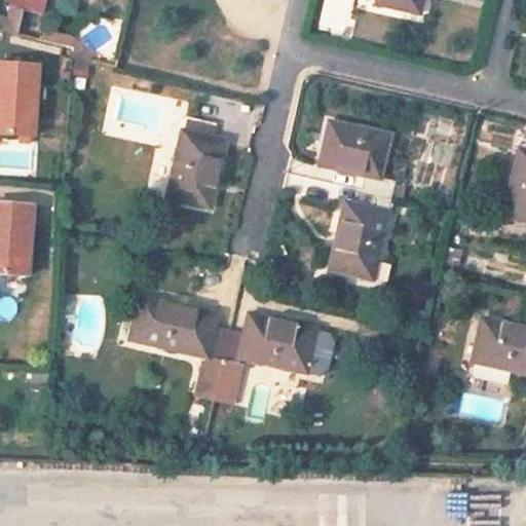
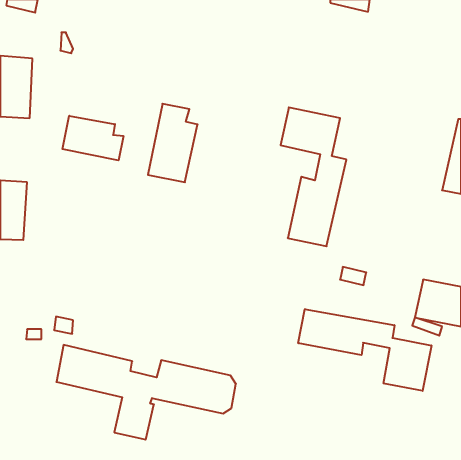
building: none -> [62,116,123,160]
building: [129,297,334,405] -> [56,345,236,440]
building: none -> [298,309,431,391]

